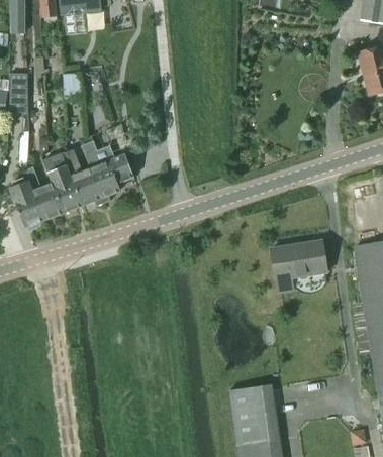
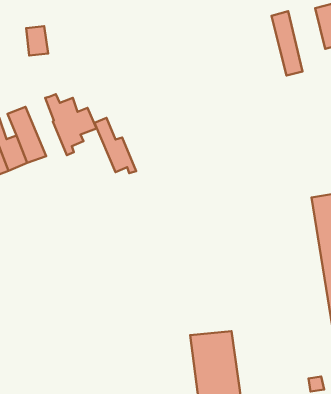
building: none -> [271,11,302,76]
building: [61,148,103,205] -> [95,118,136,173]
building: [271,240,326,291] -> none

